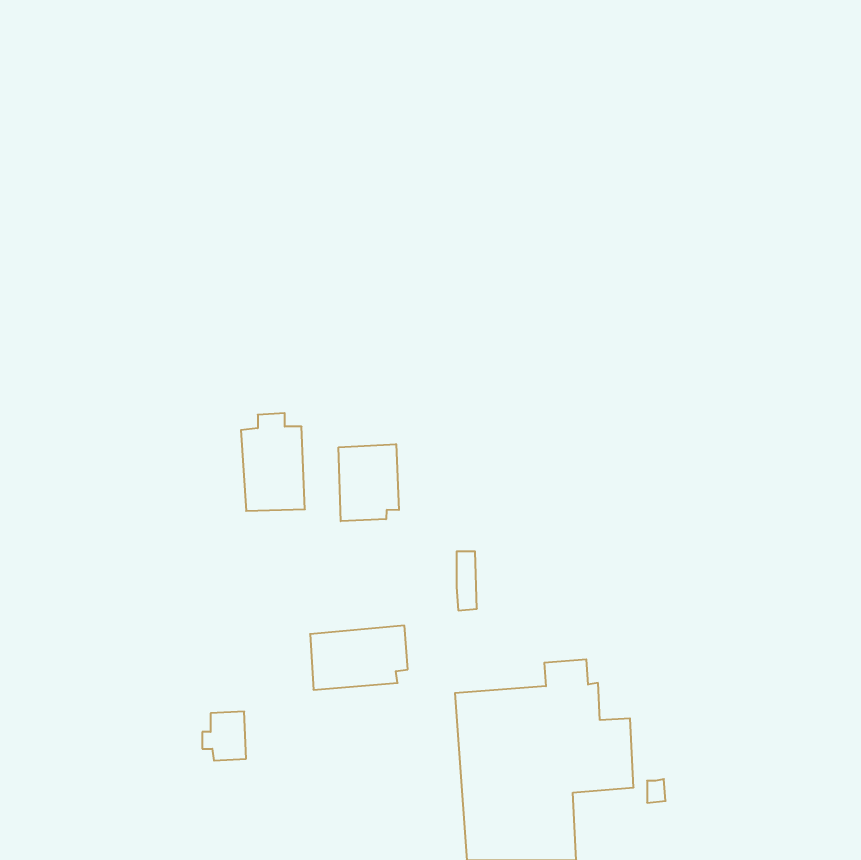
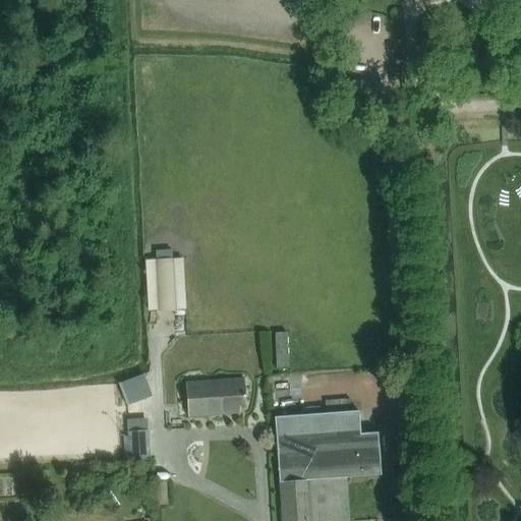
building: [339,444,399,521] -> none
building: none -> [121,370,154,401]

